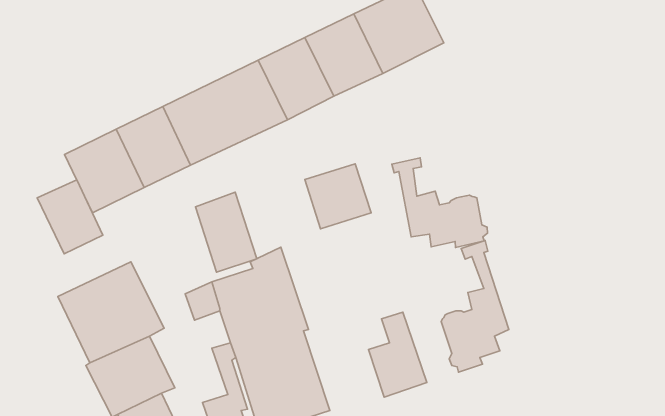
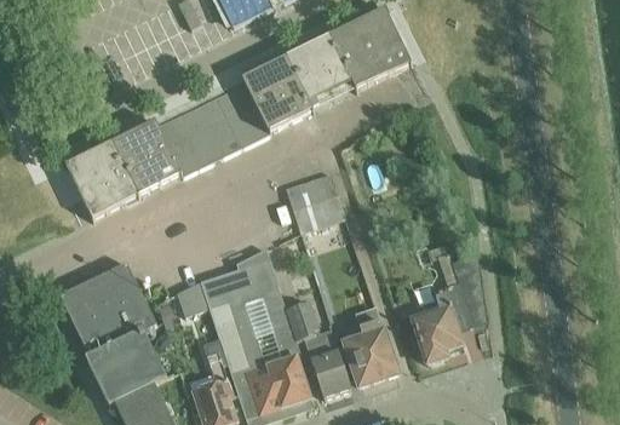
building: [392,158,488,247] -> none
building: [37,180,103,254] -> none
building: [195,192,257,272] -> none
building: none -> [286,301,350,398]

